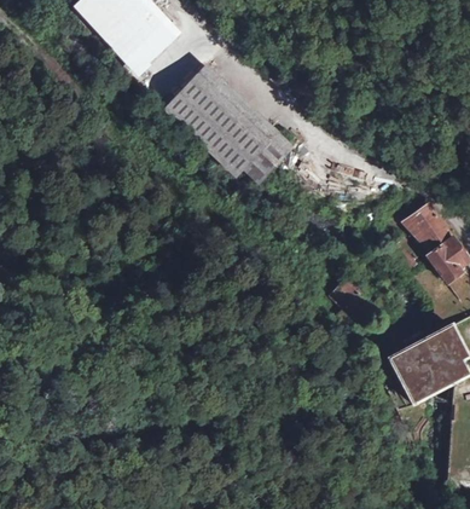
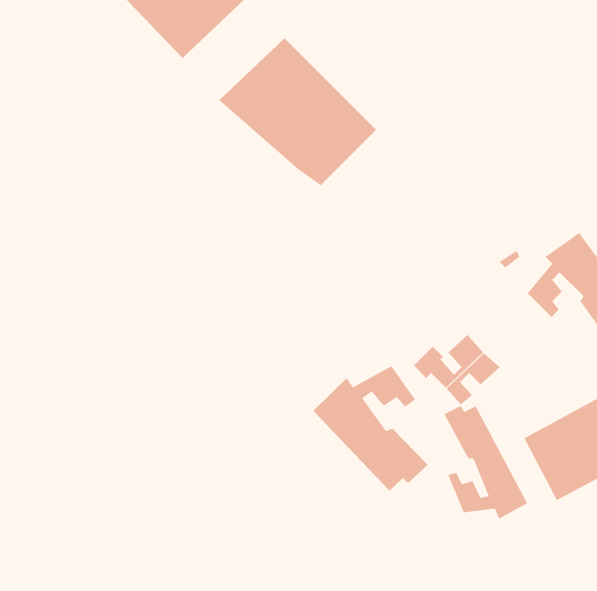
building: [239,131,297,184] -> none
building: none -> [313,366,428,491]
building: none -> [444,405,528,520]

